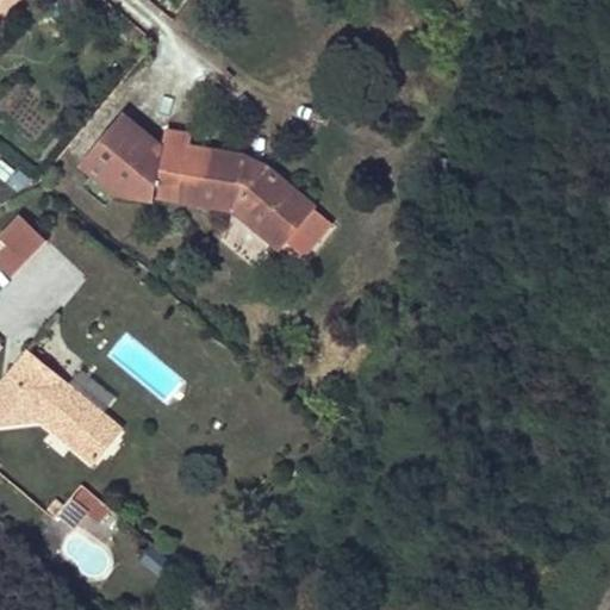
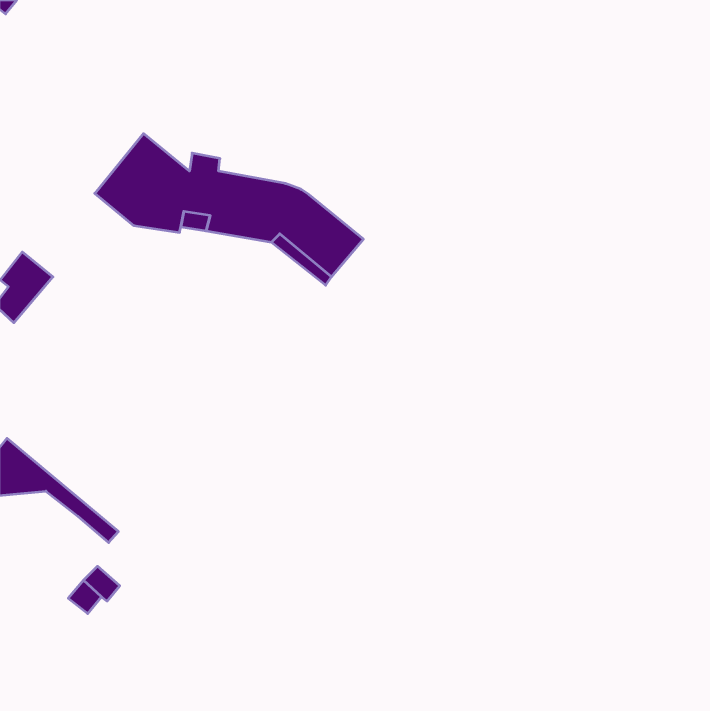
building: [284,205,330,254] -> none
building: [6,353,120,455] -> none

